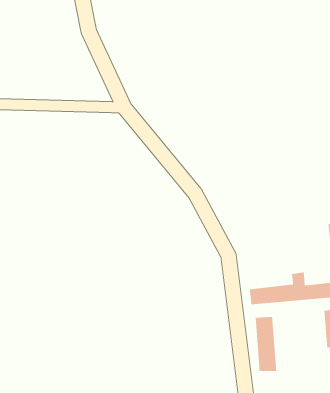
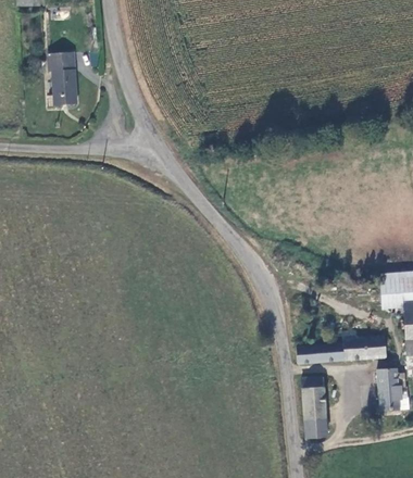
building: none -> [46,52,73,104]

